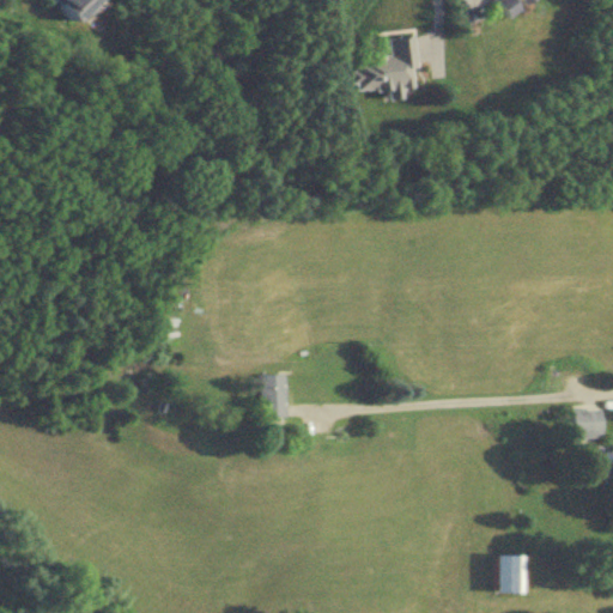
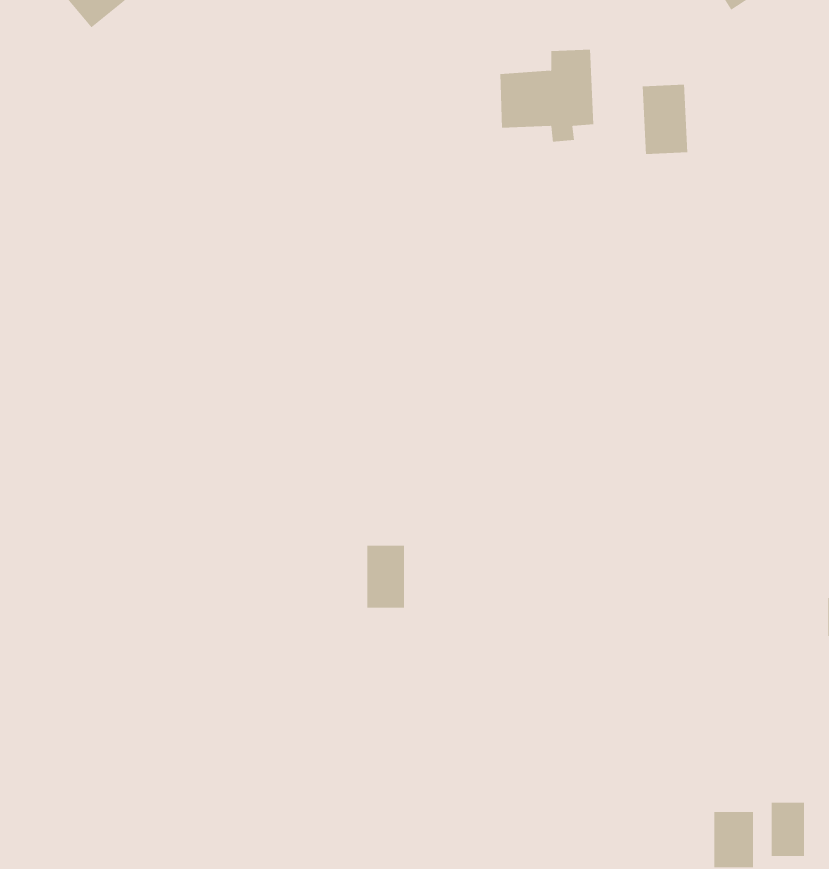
building: none -> [642,84,688,155]
building: none -> [771,802,805,857]

